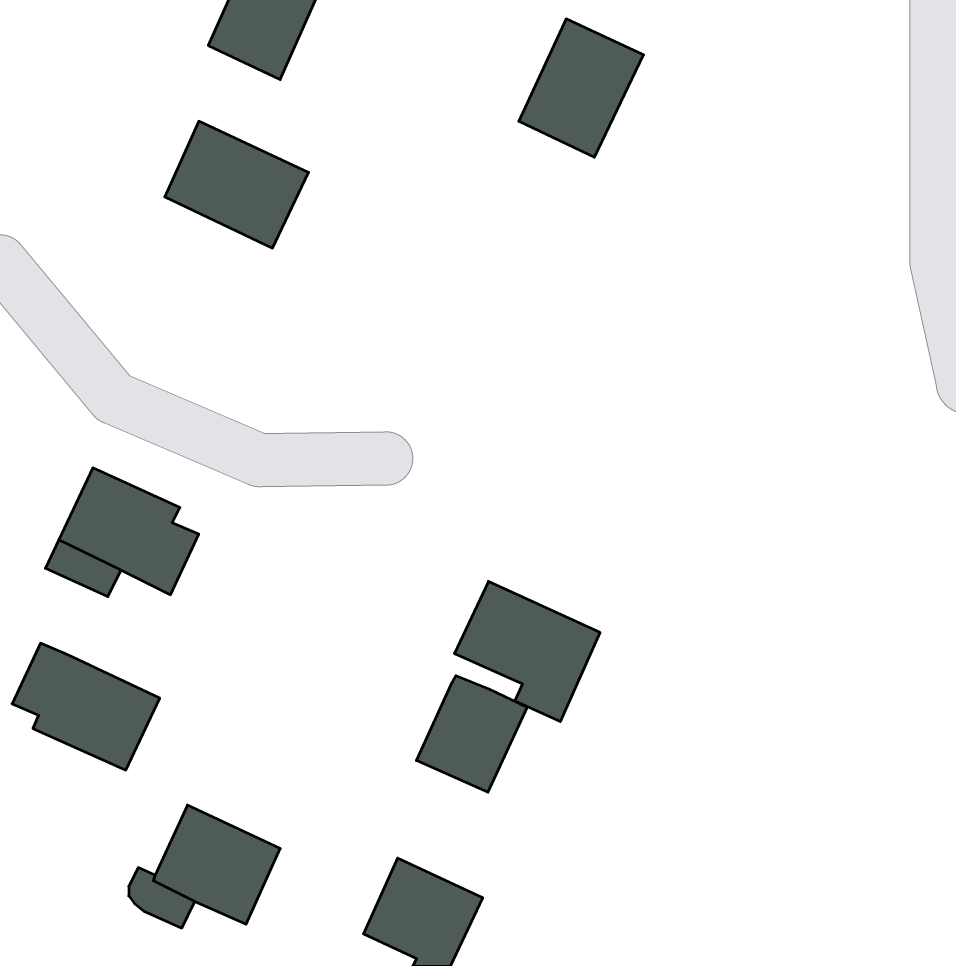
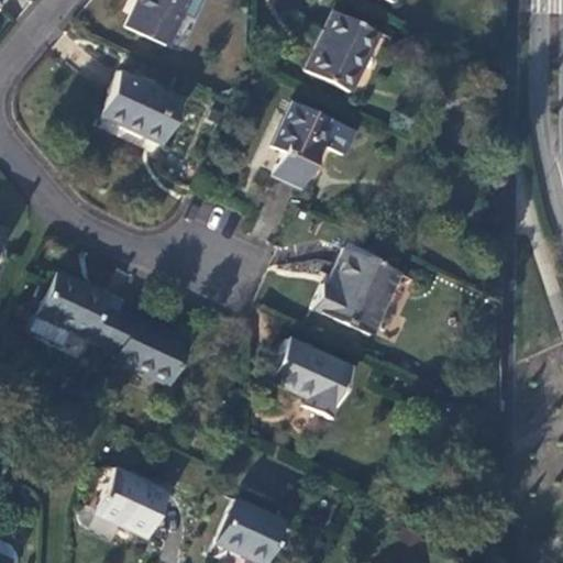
building: none -> [274,101,356,187]
building: none -> [313,246,402,334]
building: [12,643,160,770] -> [106,310,191,384]
building: [416,676,527,792] -> none

